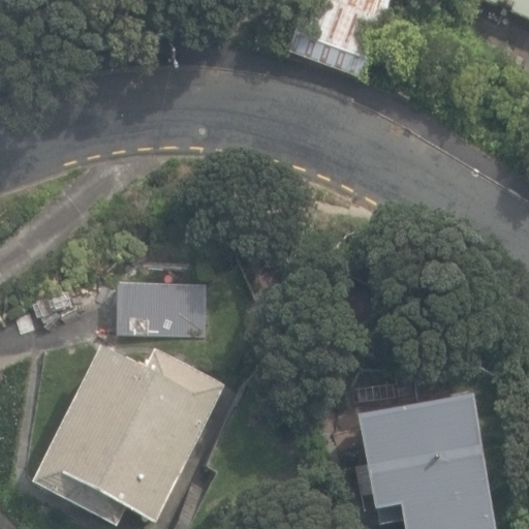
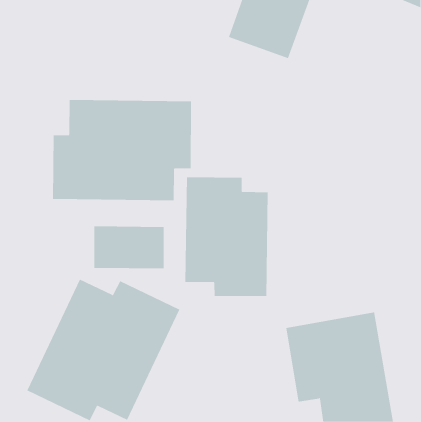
building: none -> [52,99,192,201]
building: none -> [185,177,268,297]

